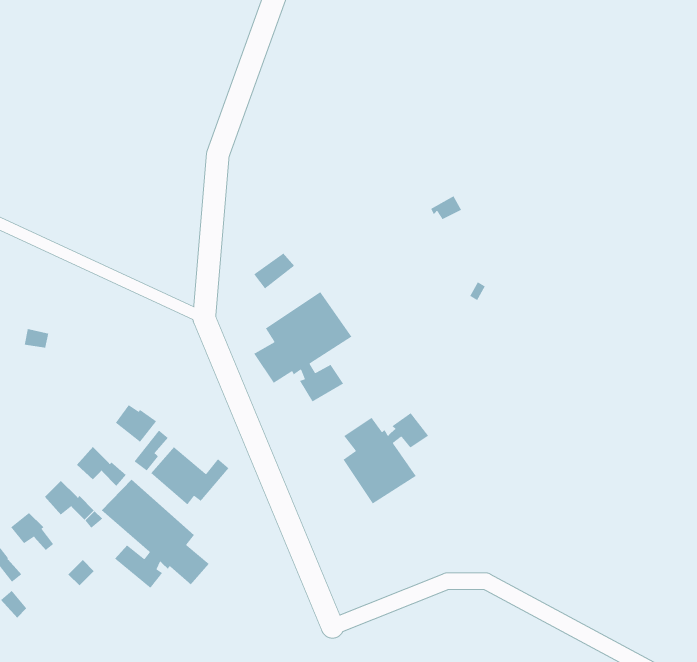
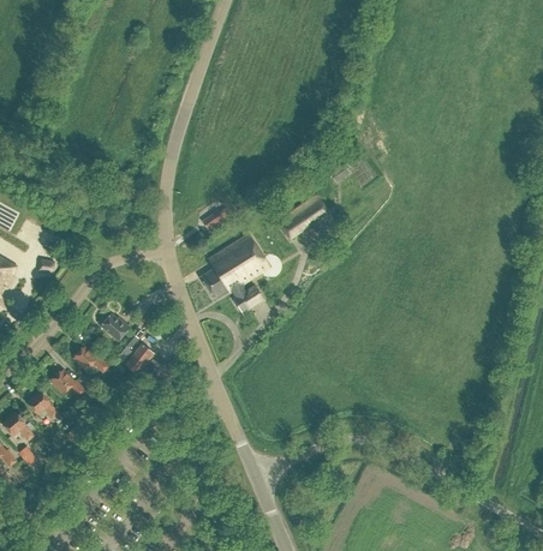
building: none -> [275,193,328,240]
building: [342,412,429,505] -> none
building: [101,479,210,589] -> none

